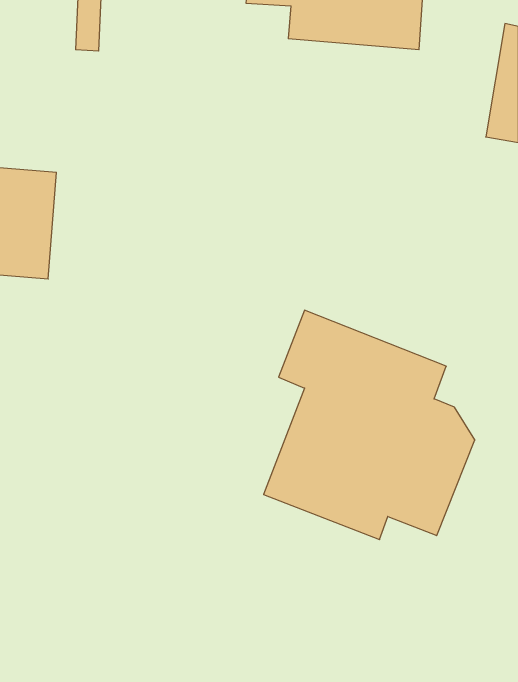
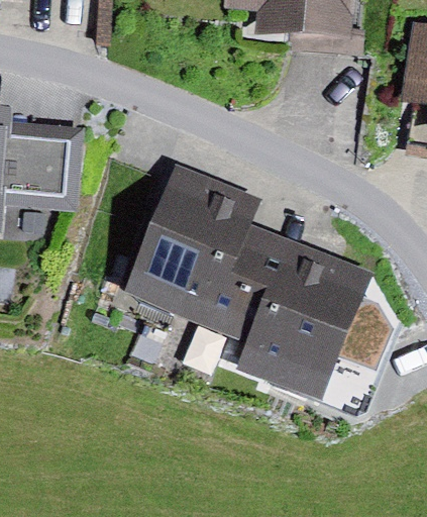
building: none -> [124,164,265,333]

